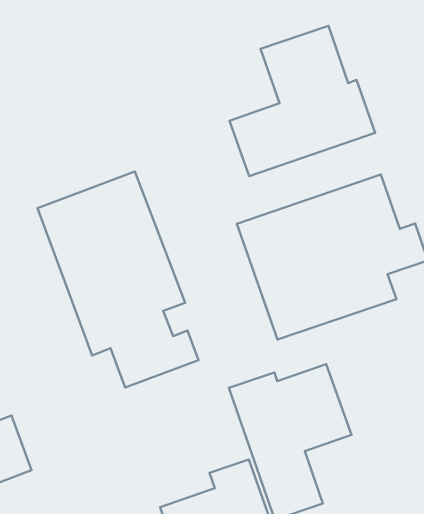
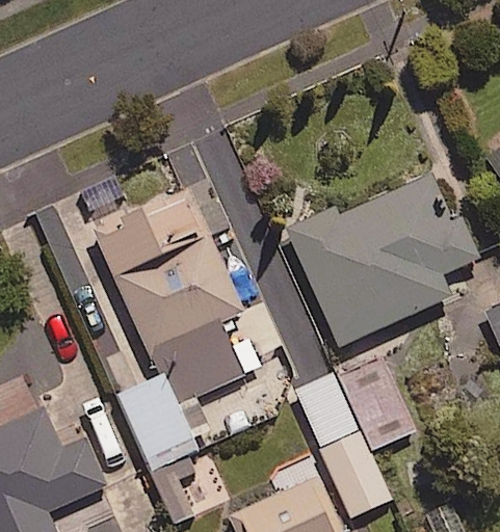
building: [230,26,375,176] -> none
building: none -> [116,375,205,472]

